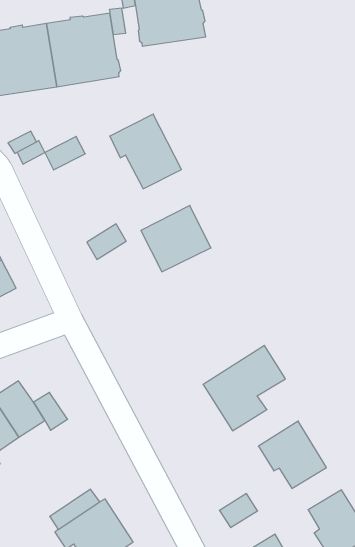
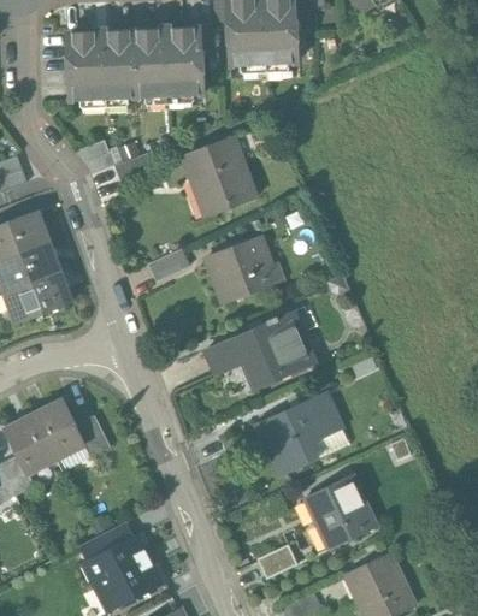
building: none -> [206,314,309,385]

